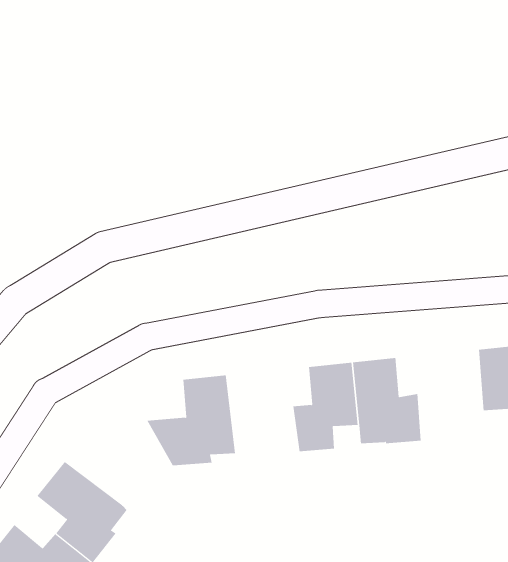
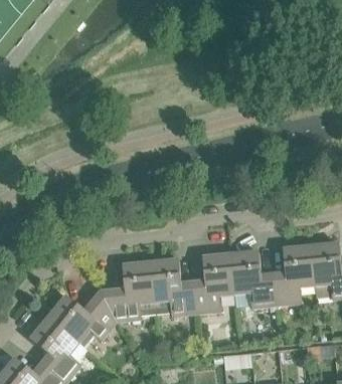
building: none -> [272,245,313,304]
building: none -> [149,258,195,314]
building: none -> [45,291,115,345]

